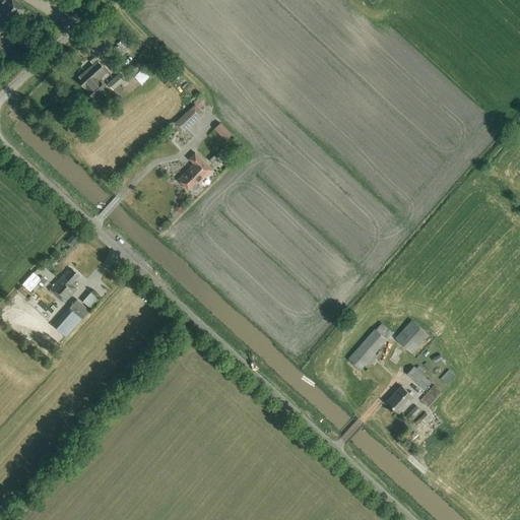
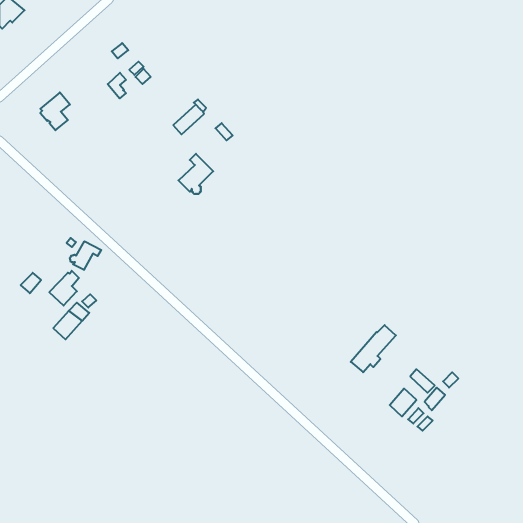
building: [77,60,107,98] -> [40,92,70,130]
building: none -> [70,241,101,270]
building: [394,319,428,352] -> none

